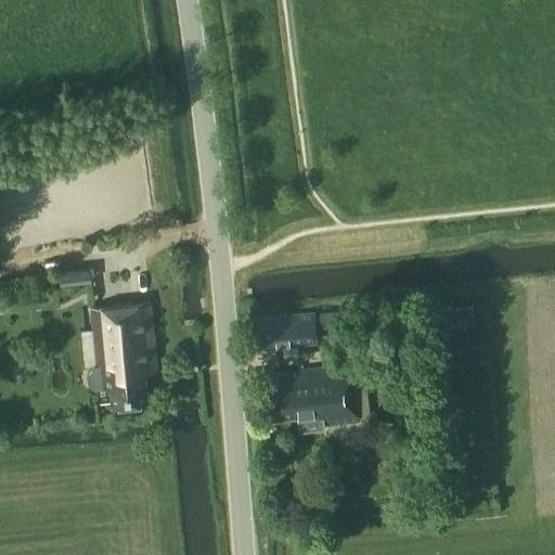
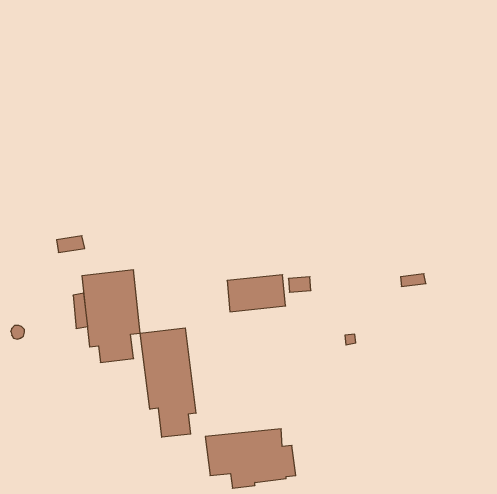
building: [270,367,371,434] -> [205,429,296,488]
building: none -> [140,328,196,437]

